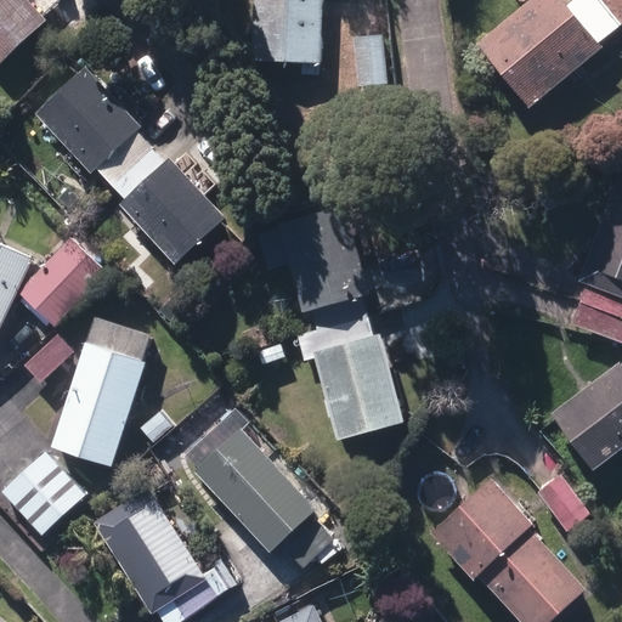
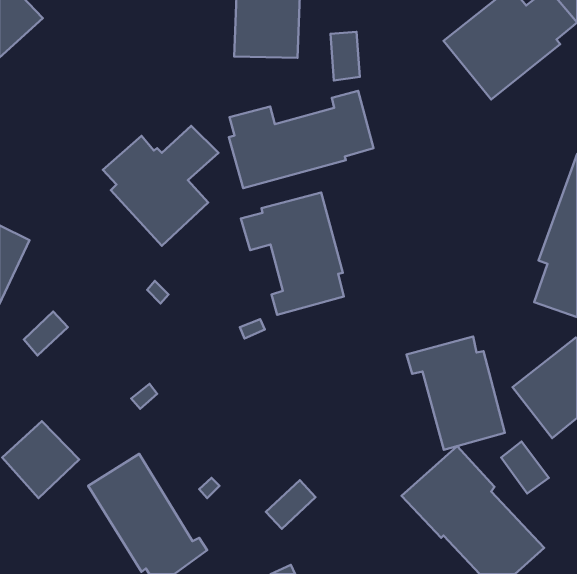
building: [36,68,152,182] -> none
building: none -> [229,91,374,188]
building: [21,238,107,326] -> none
building: [52,317,149,466] -> none
building: [298,318,403,440] -> [407,337,505,450]
building: [187,407,316,552] -> none

